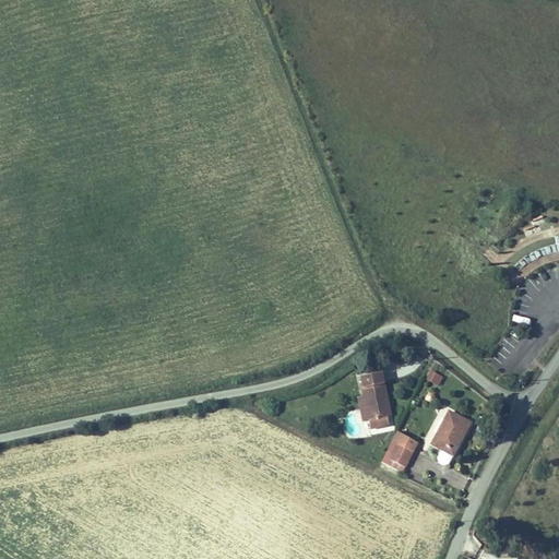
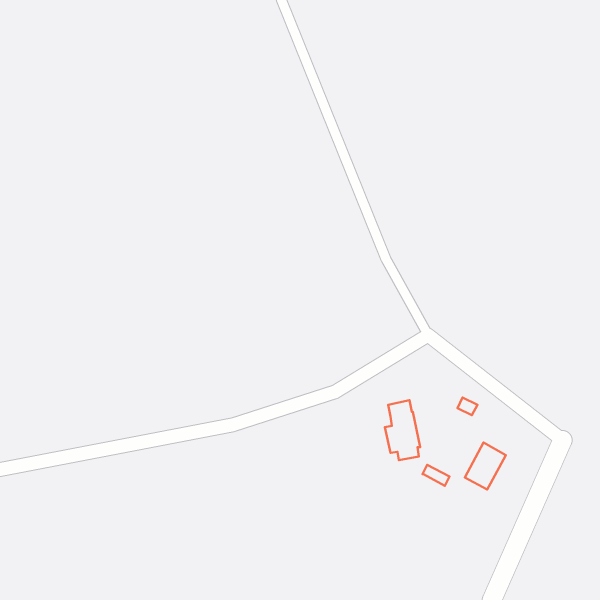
building: [383,440,414,472] -> none

